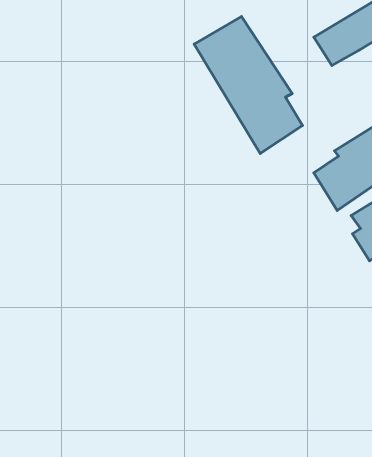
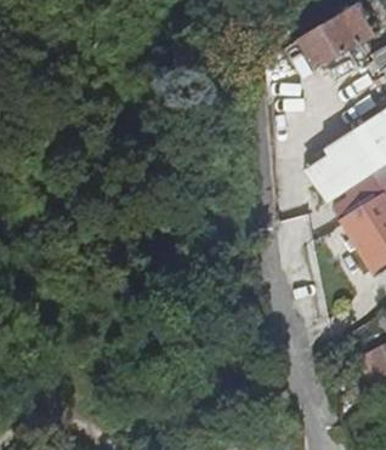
building: [194,16,303,154] -> none

